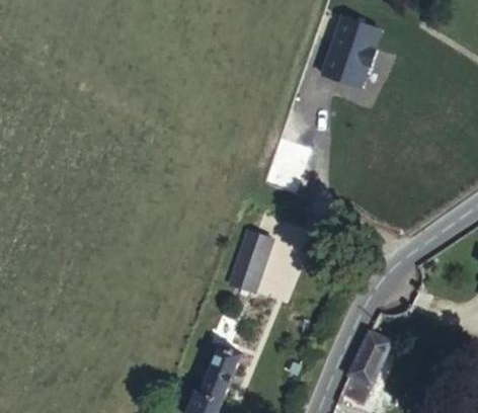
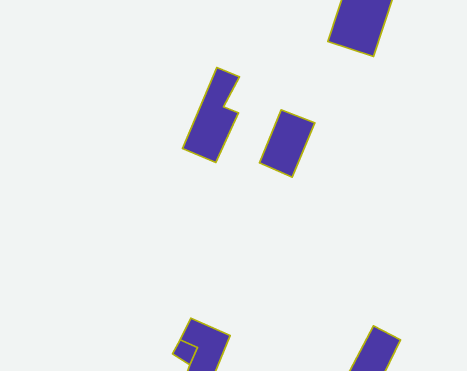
building: none -> [183,67,239,163]
building: [229,234,274,294] -> none

